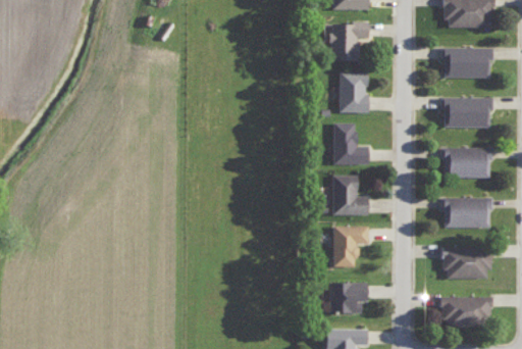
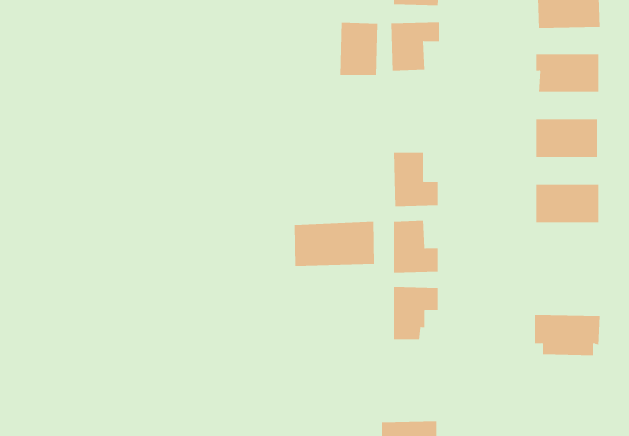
building: [337,71,367,112] -> [340,22,378,76]
building: none -> [294,221,374,267]
building: [441,197,490,228] -> none
building: [329,282,366,313] -> none
building: [440,296,491,328] -> none

